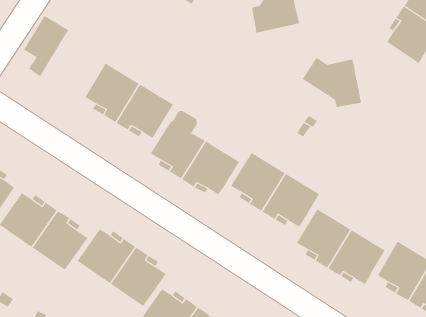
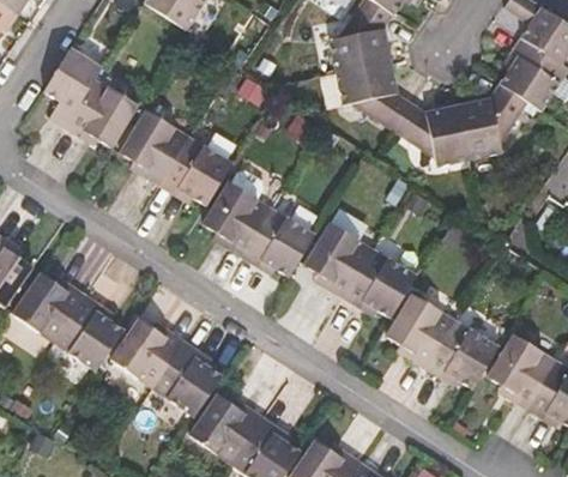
building: none -> [336,60,411,129]
building: none -> [65,78,138,147]
building: none -> [458,83,526,159]

